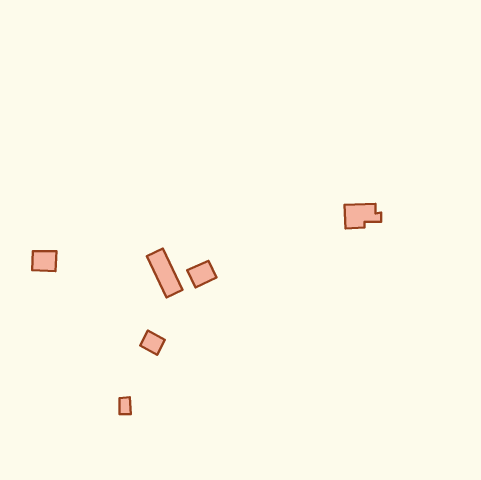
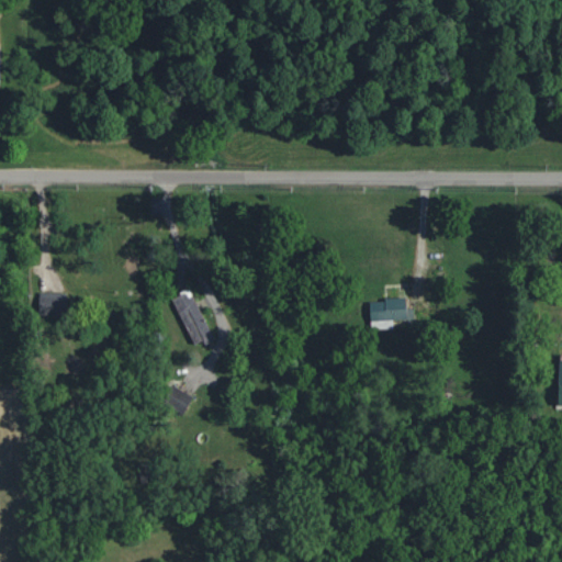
building: [345,204,381,228] -> [370,300,413,328]
building: [187,261,217,287] -> none

